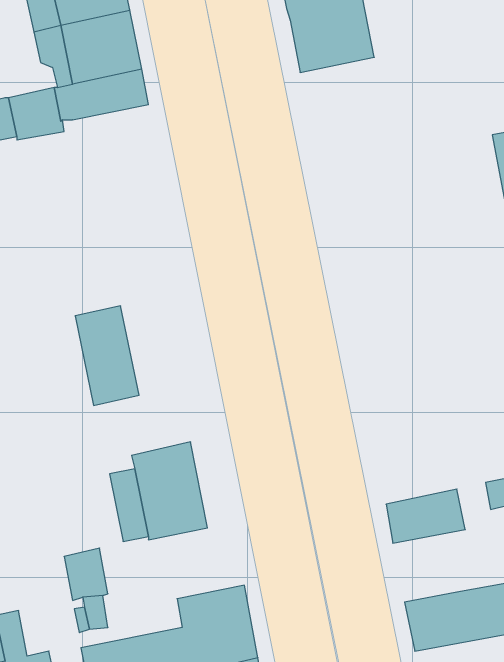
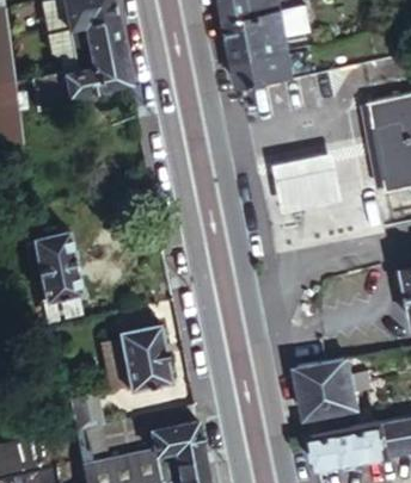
building: none -> [238,49,295,87]
building: none -> [278,153,348,211]
building: [75,306,139,405] -> [33,224,79,295]
building: none -> [303,383,360,434]

